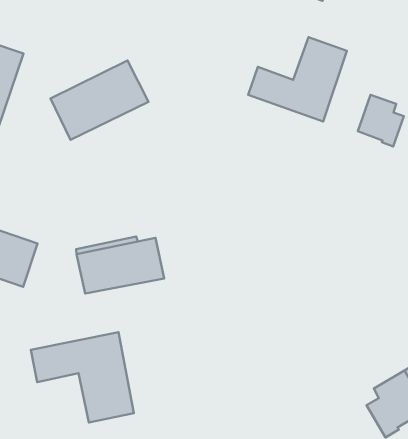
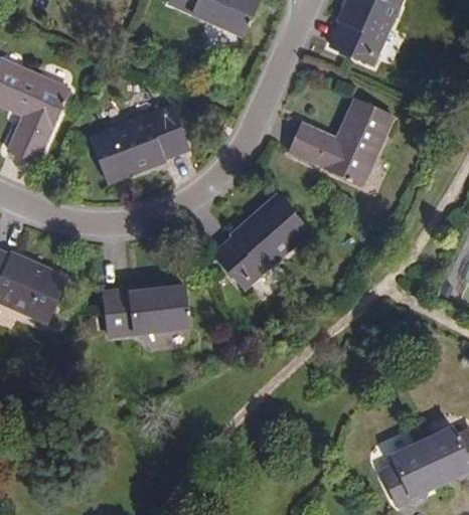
building: [358,95,404,146] -> none
building: none -> [214,197,309,288]
building: [31,332,134,422] -> none

